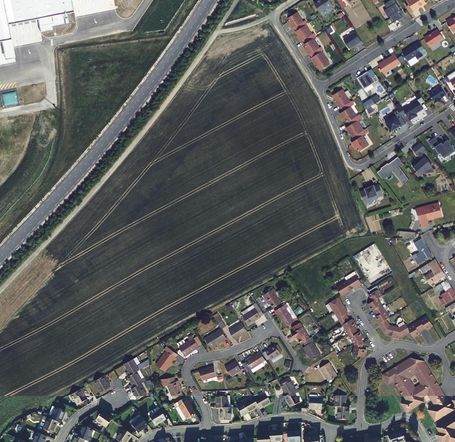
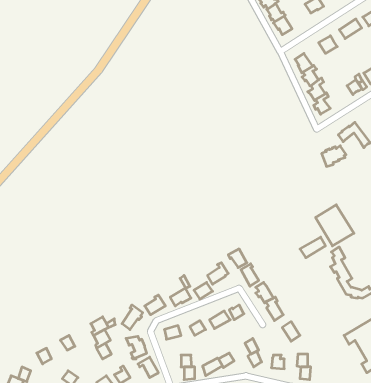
building: [329,299,364,360] -> none

